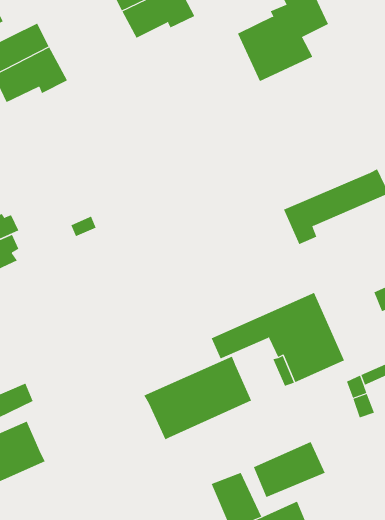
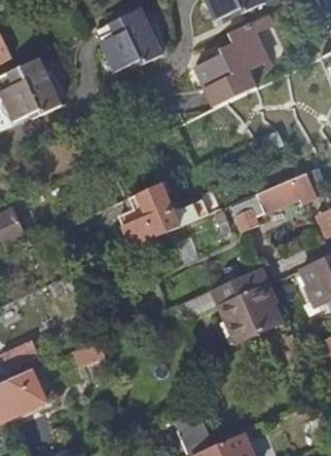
building: none -> [120,184,209,246]
building: [144,356,252,440] -> none
building: [253,441,325,498] -> none

